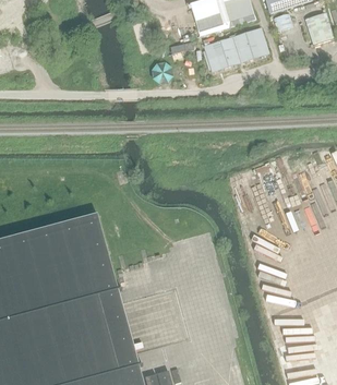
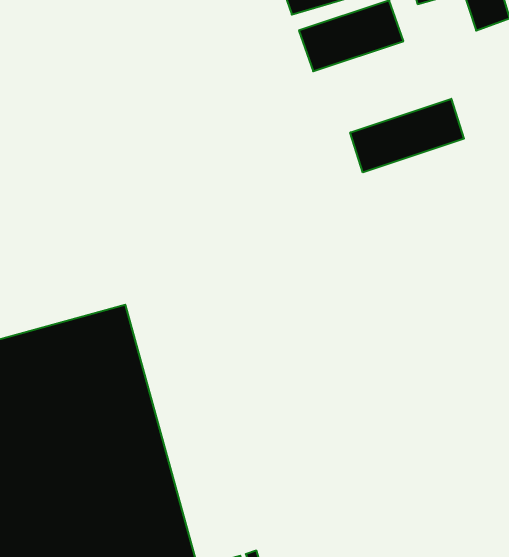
building: none -> [350,99,464,172]

